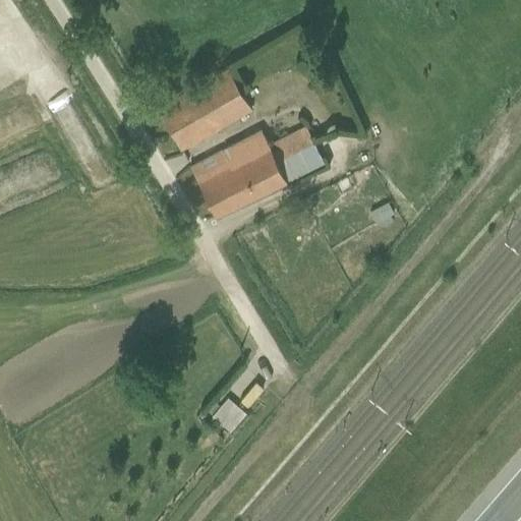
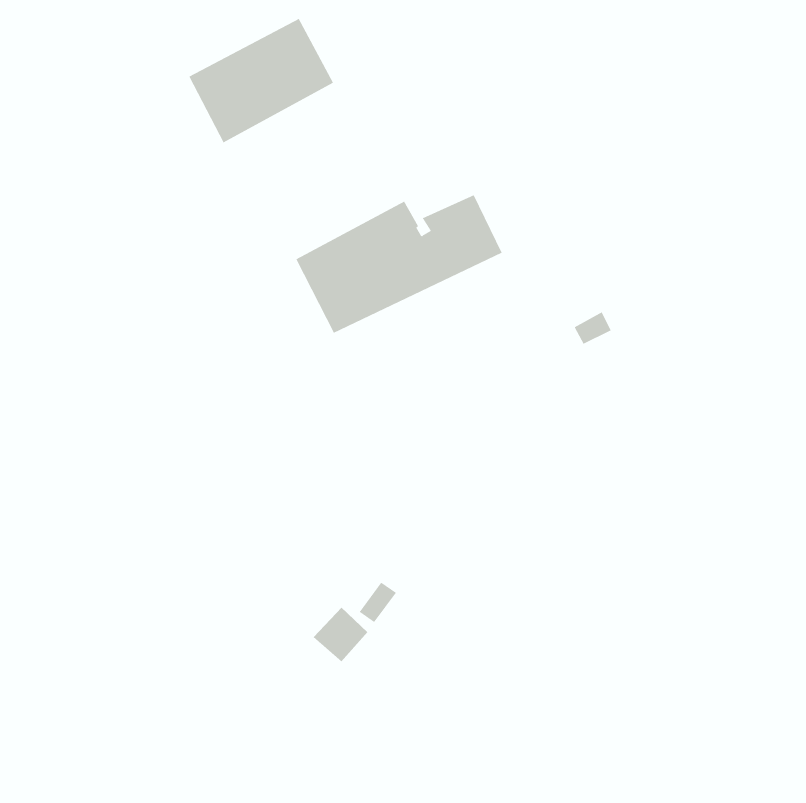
building: [159,71,252,152] -> [188,18,334,143]

